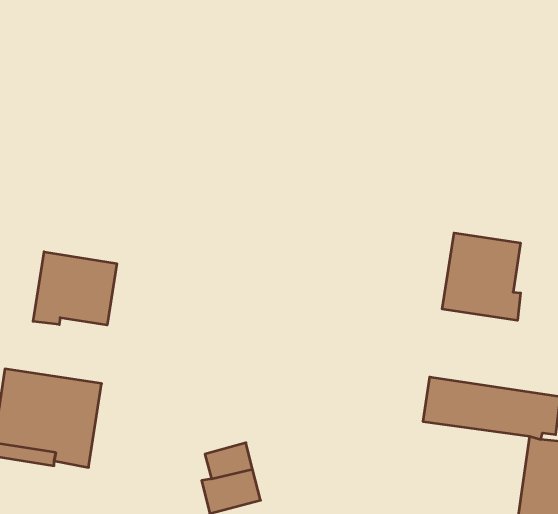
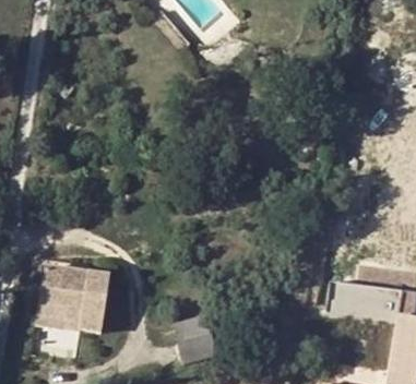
building: [442,233,521,320] -> none
building: [33,252,117,325] -> none

